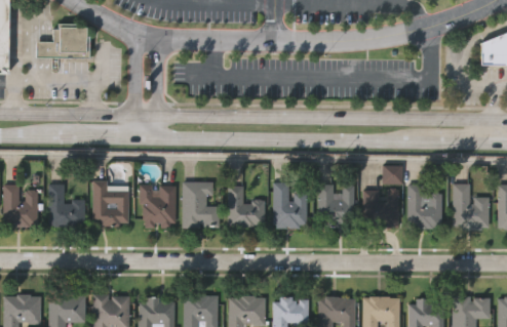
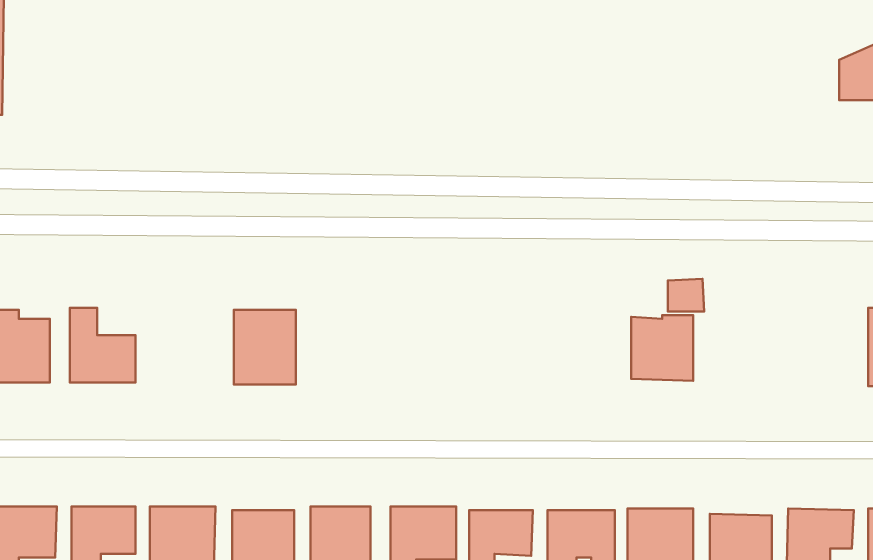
building: [38,26,91,59] -> none
building: [182,180,219,228] -> none
building: [273,181,306,227] -> none
building: [93,182,128,226] -> none
building: [228,183,265,226] -> none
building: [453,183,489,230] -> none
building: [317,185,354,224] -> none
building: [407,185,441,228] -> none

